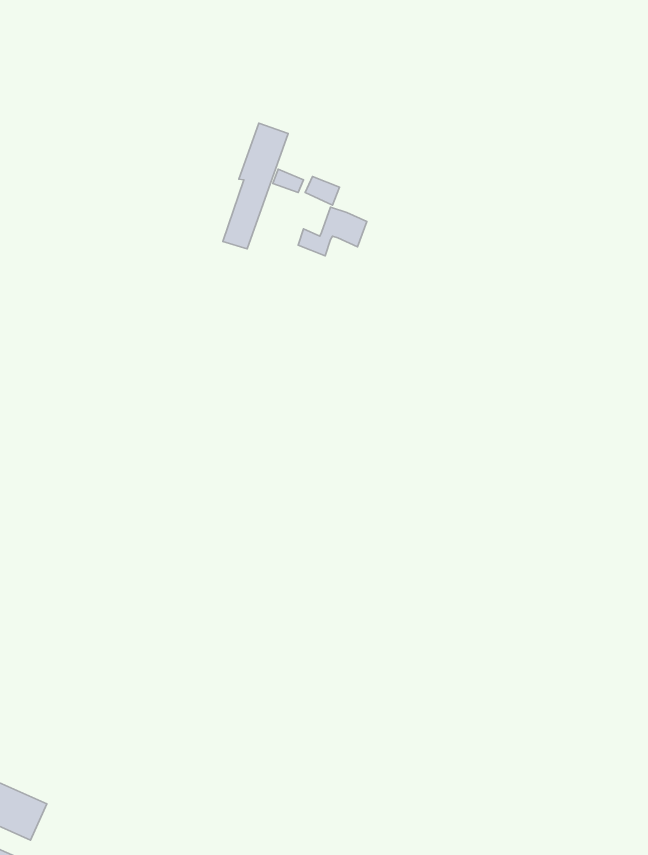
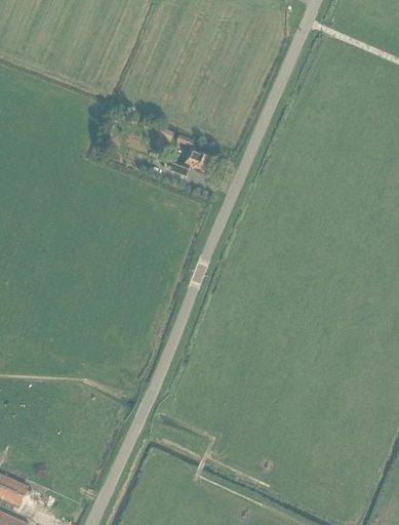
building: [223,123,288,249] -> none

